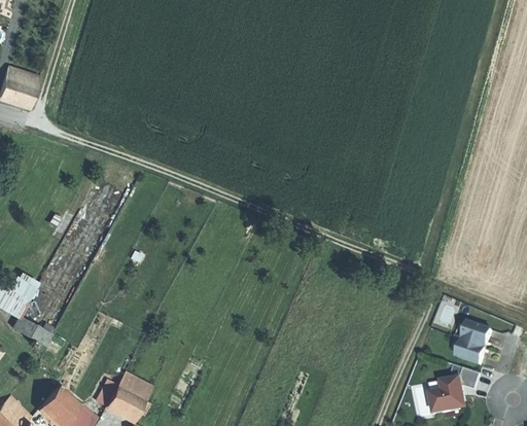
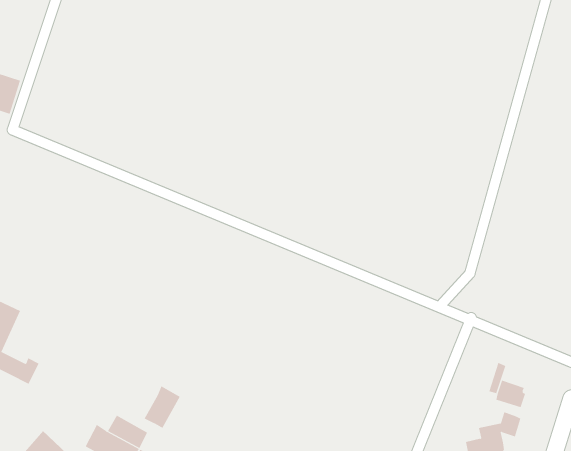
building: [462,323,491,348] -> none
building: none -> [144,386,180,429]

